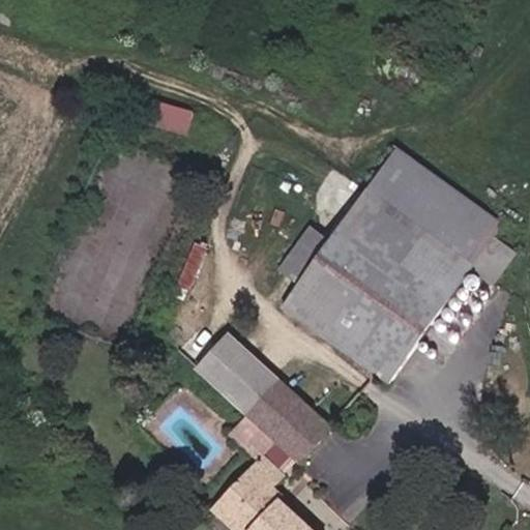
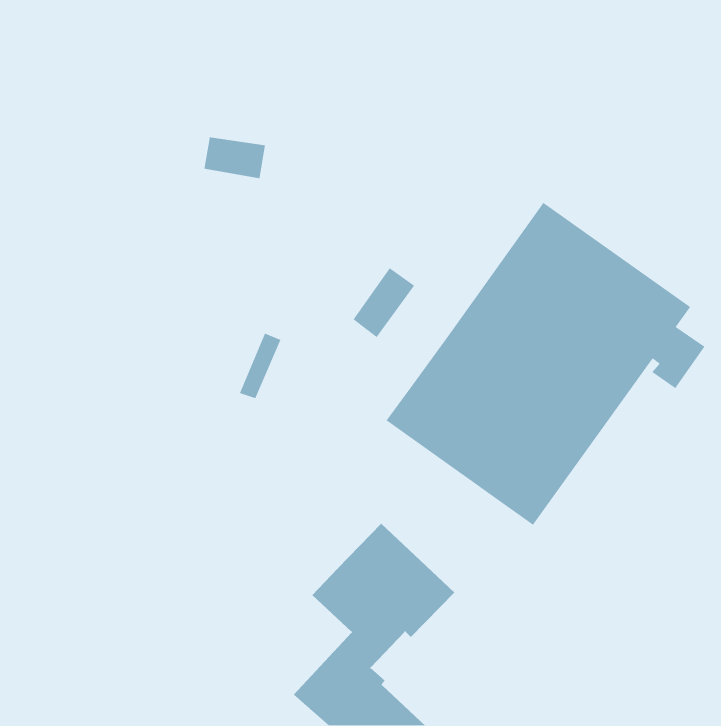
building: [281,231,326,283] -> [353,267,415,338]
building: [195,334,277,414] -> none

